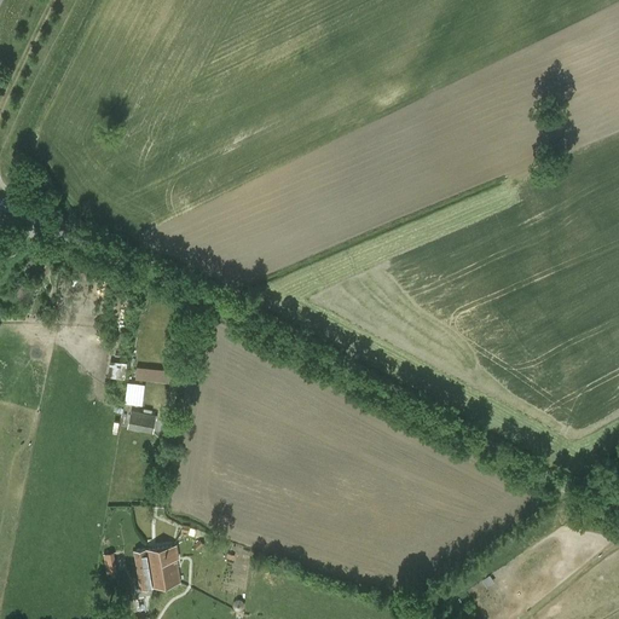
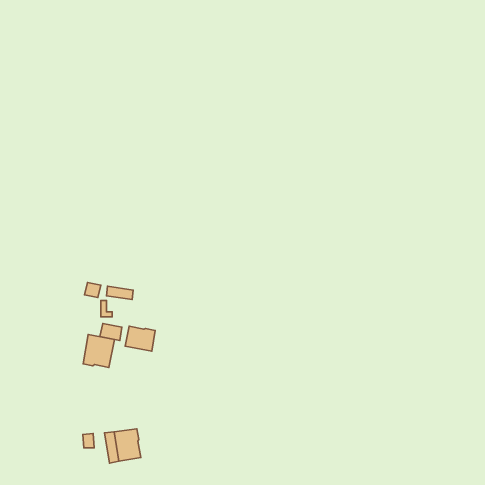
building: none -> [125,326,155,351]
building: none -> [83,334,115,368]

